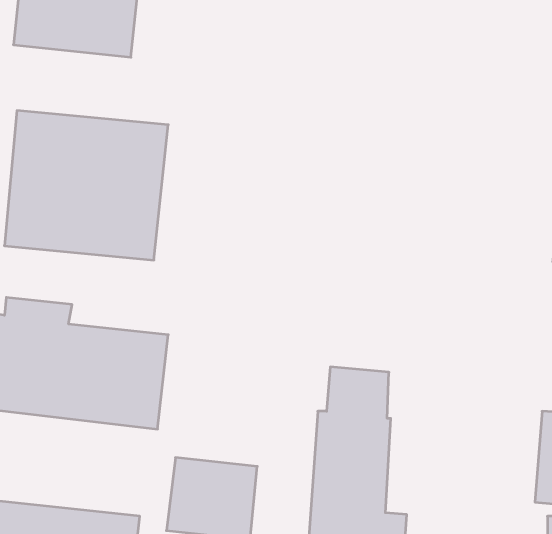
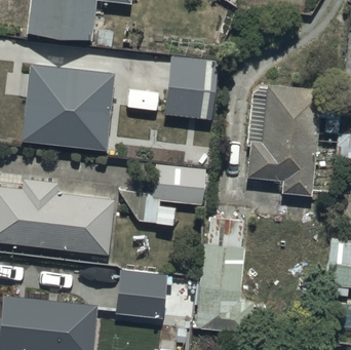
building: none -> [167,64,221,124]
building: none -> [246,86,321,194]
building: none -> [136,165,205,224]

